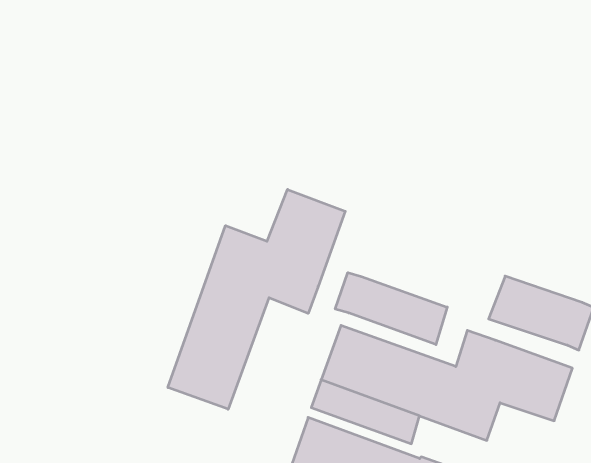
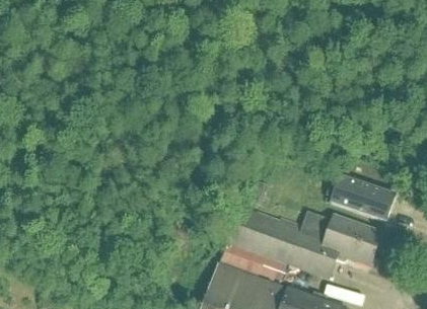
building: [168,189,345,409] -> none
building: [335,273,447,345] -> none

